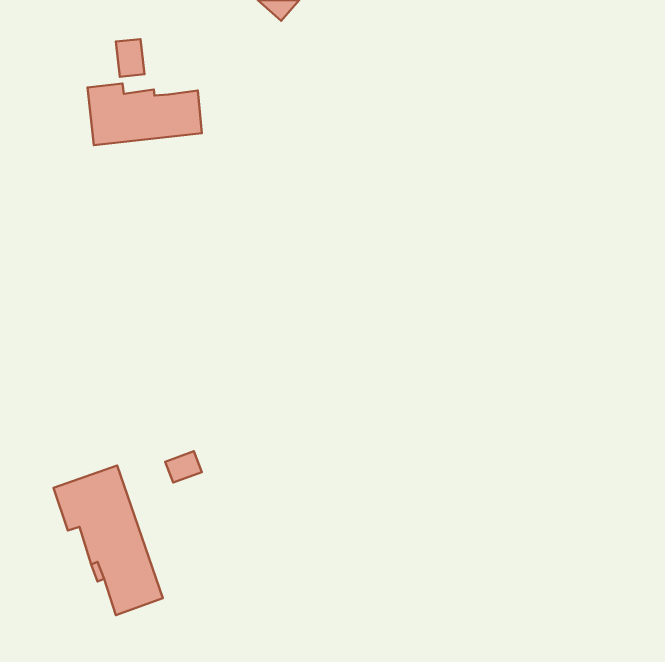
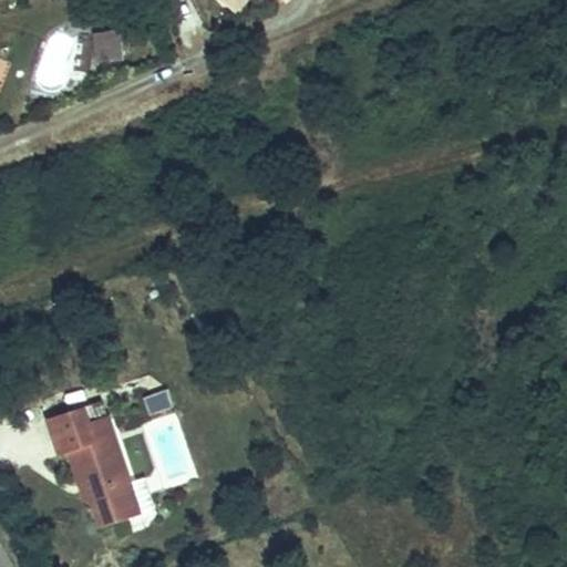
building: [88,83,202,145] -> none

